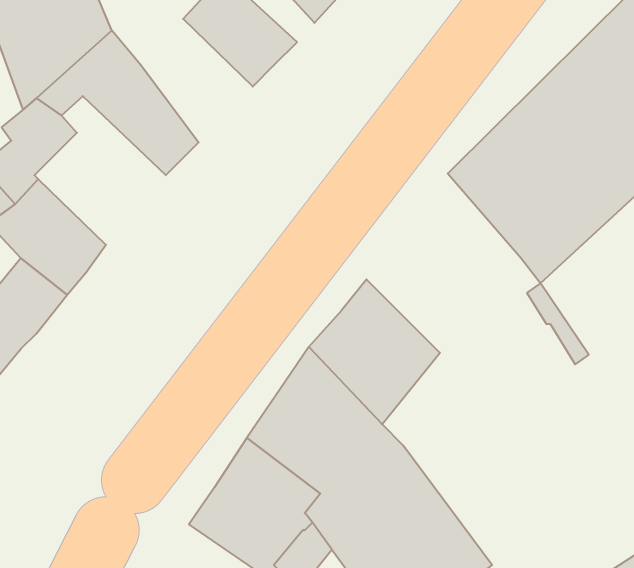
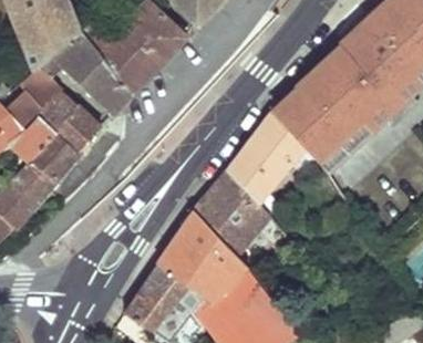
building: none -> [81,20,162,94]
building: none -> [37,89,100,153]
building: none -> [227,112,316,215]

